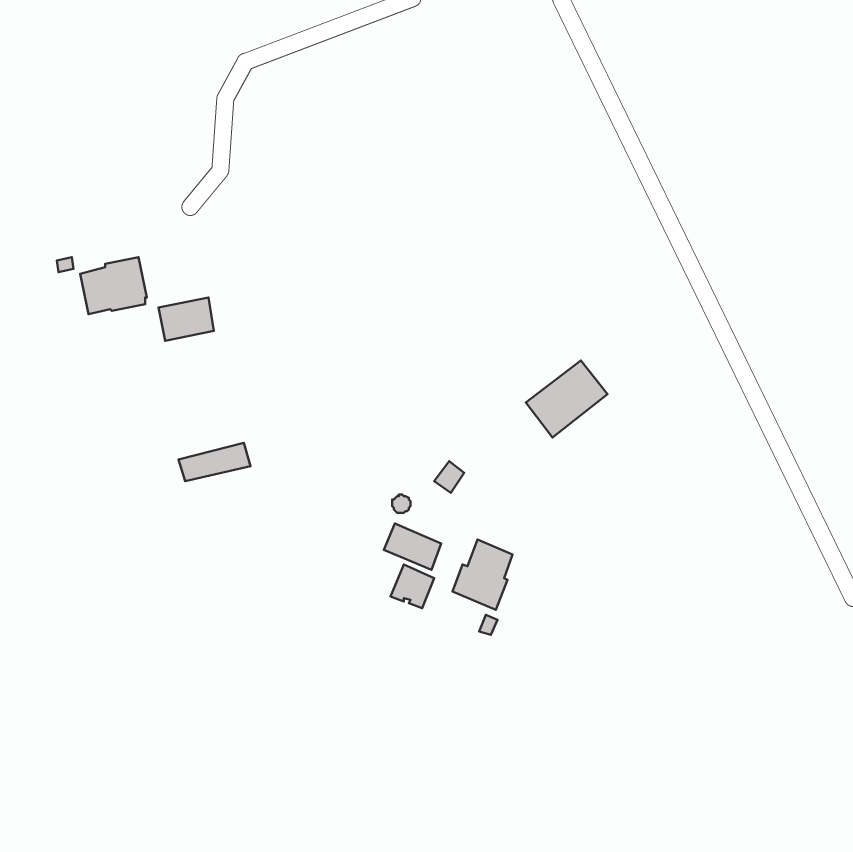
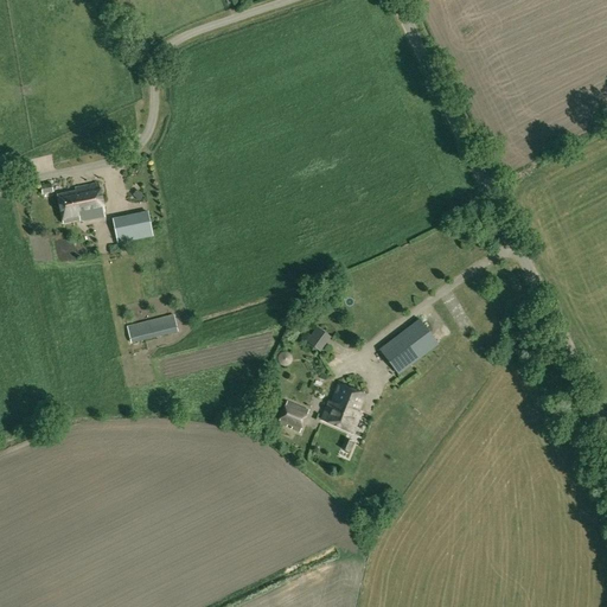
building: [526,361,608,438] -> [379,319,437,373]
building: [384,524,441,570] -> none

